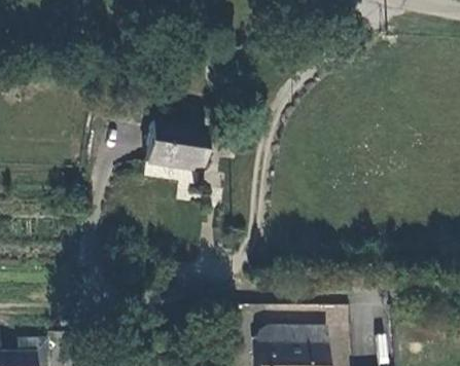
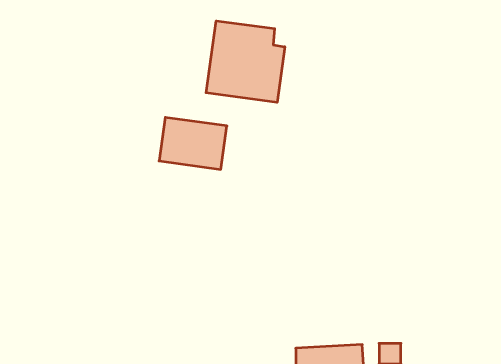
building: none -> [206,21,285,102]

